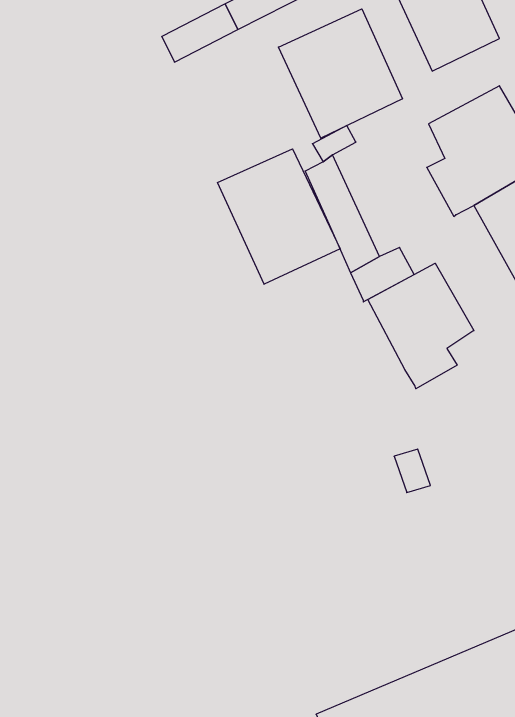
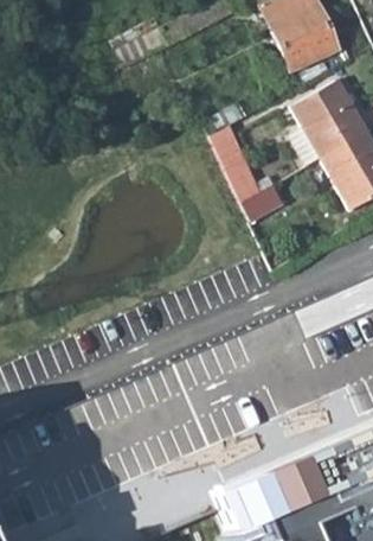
building: [278,9,402,138] -> none
building: [217,149,340,284] -> none
building: [368,263,474,389] -> none

